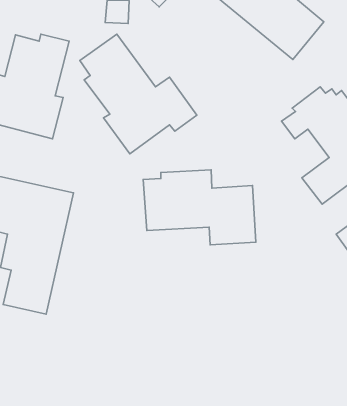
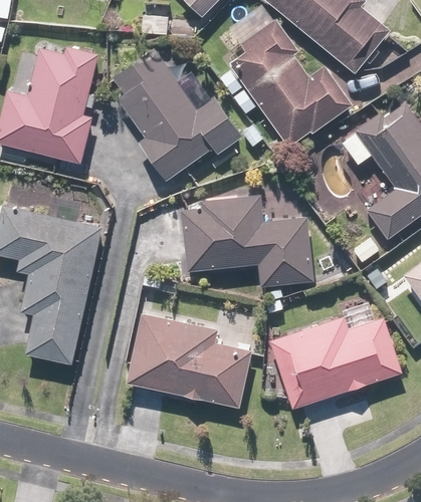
building: none -> [228,19,352,147]
building: none -> [126,311,251,409]
building: none -> [268,315,400,411]

